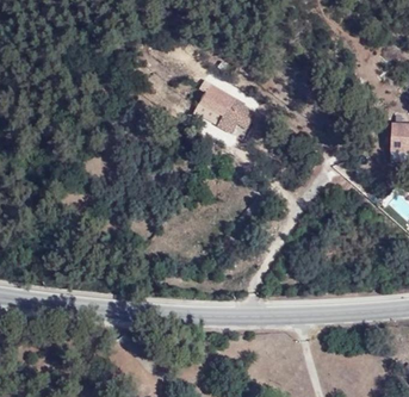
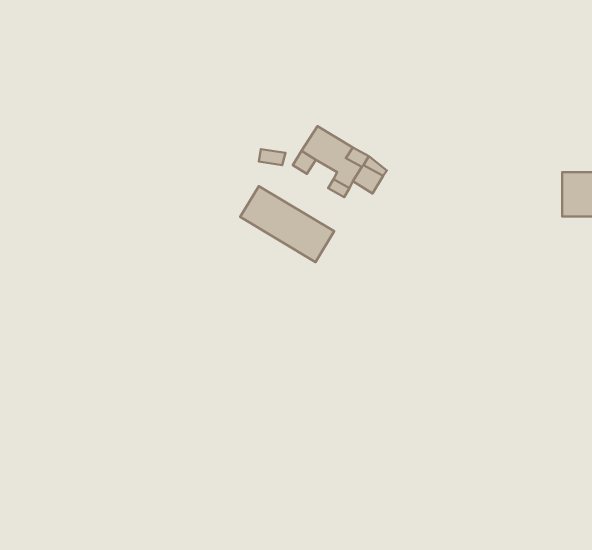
building: none -> [240,186,334,262]

